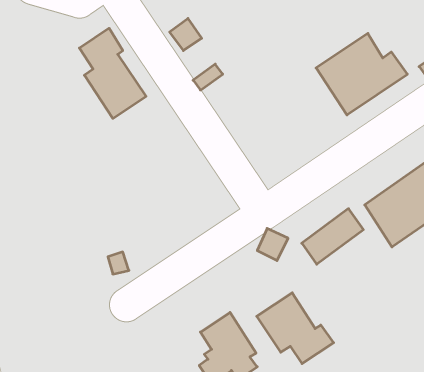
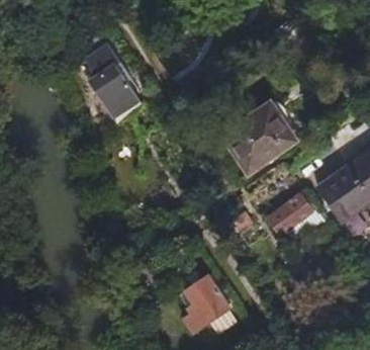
building: [316,33,407,115] -> [221,106,296,173]
building: [257,293,334,364] -> none

